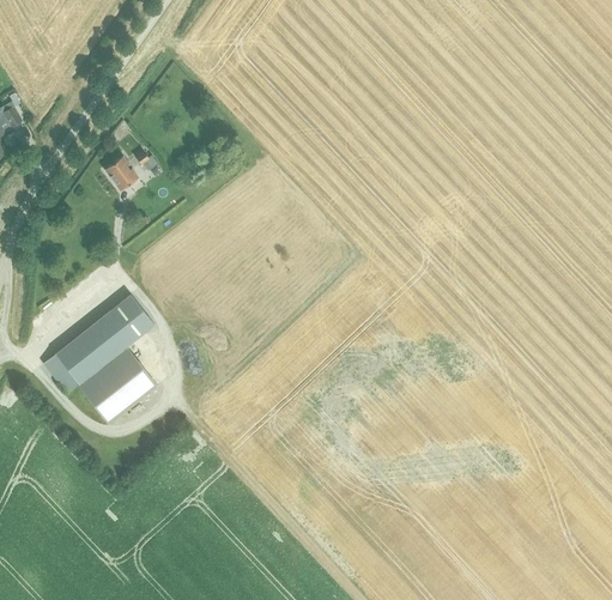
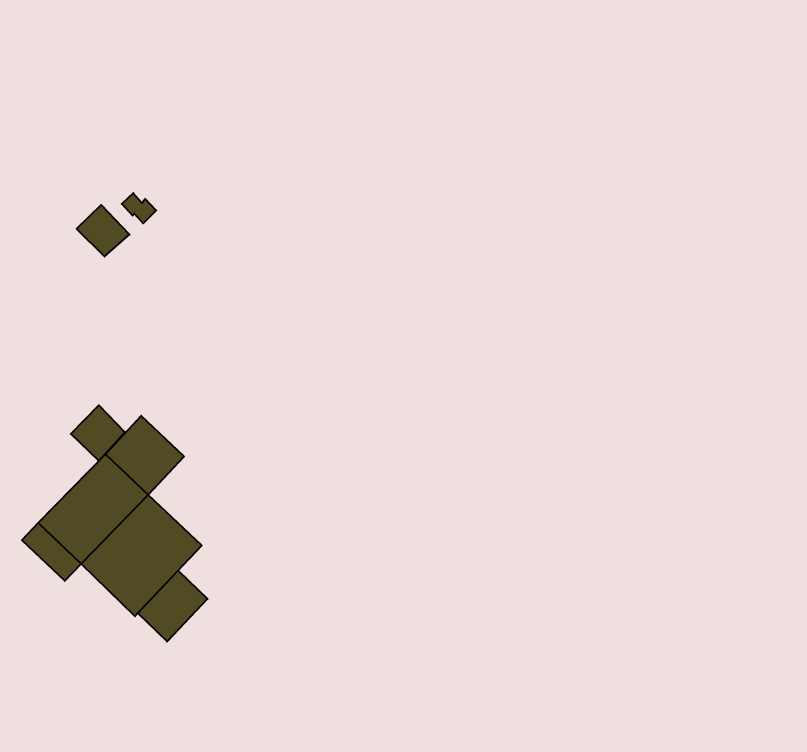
building: none -> [71,405,125,461]
building: none -> [138,570,208,642]

